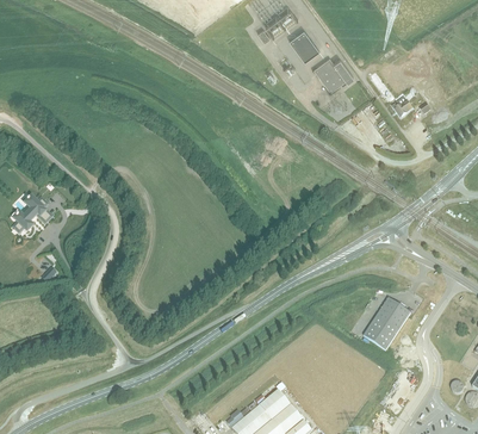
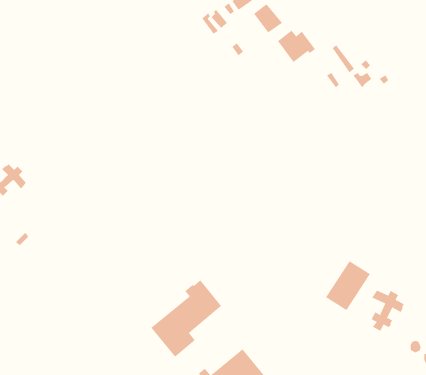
building: none -> [151,279,222,357]
building: none -> [371,290,405,331]

